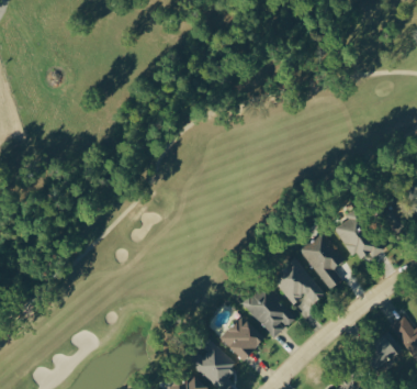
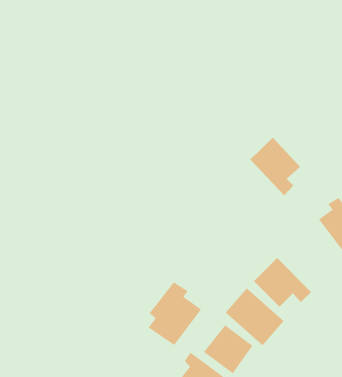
building: [298,234,345,289] -> [250,137,301,196]
building: none -> [148,281,202,346]

